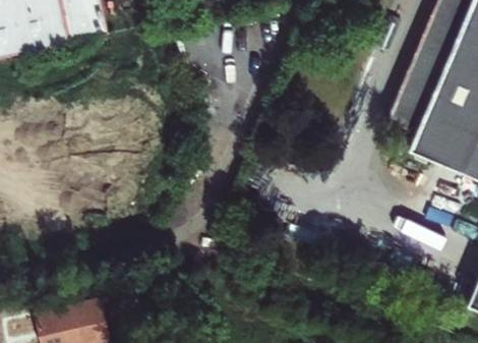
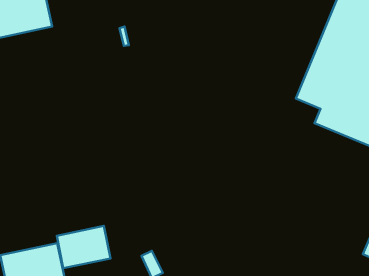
building: none -> [57,226,111,268]

